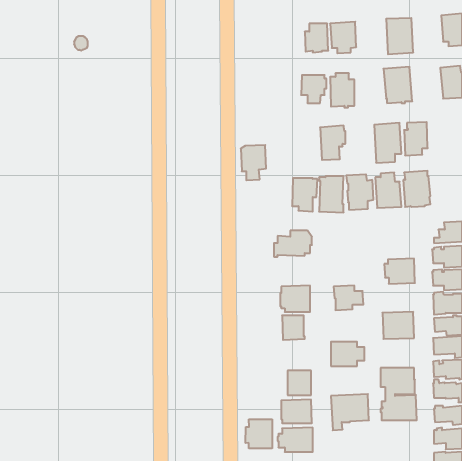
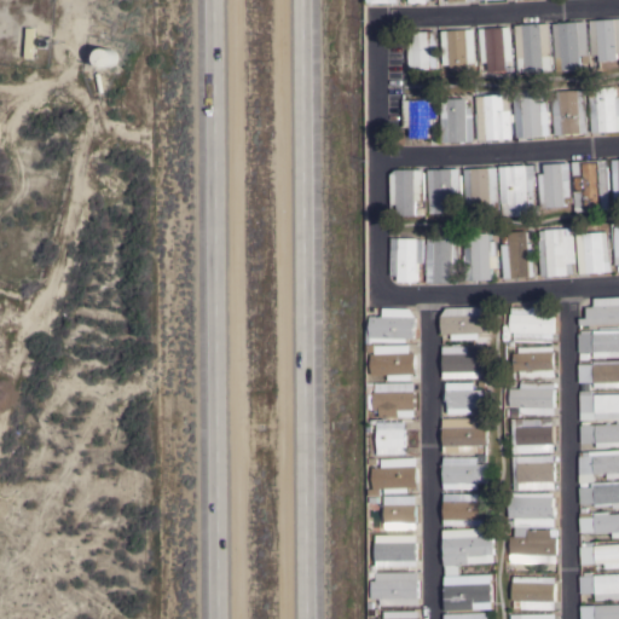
building: none -> [554,22,590,73]
building: none -> [479,28,514,73]
building: none -> [553,91,589,137]
building: none -> [475,96,514,141]
building: none -> [573,161,609,213]
building: none -> [464,168,499,214]
building: [241,145,266,180] -> [391,170,424,218]
building: none -> [577,232,612,276]
building: none -> [441,307,488,341]
building: none -> [510,307,555,345]
building: none -> [372,346,417,381]
building: none -> [442,347,484,380]
building: none -> [510,383,555,416]
building: none -> [442,420,487,453]
building: none -> [513,456,555,492]
building: none -> [374,458,418,494]
building: none -> [442,494,487,526]
building: [246,419,272,448] -> none
building: none -> [444,577,492,612]
building: none -> [511,578,555,612]

